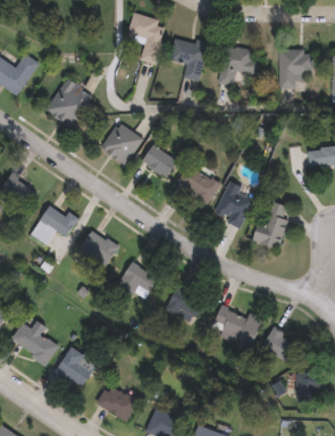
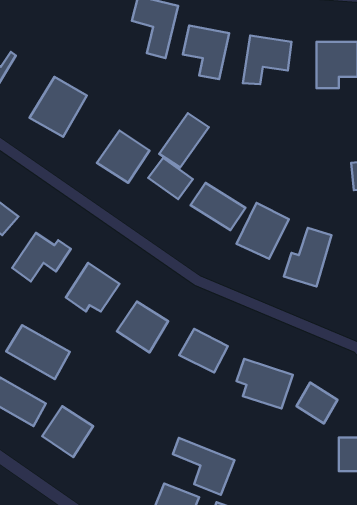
building: none -> [159,113,209,167]
building: none -> [6,325,70,379]
building: none -> [173,438,234,495]
building: [95,383,137,420] -> none

